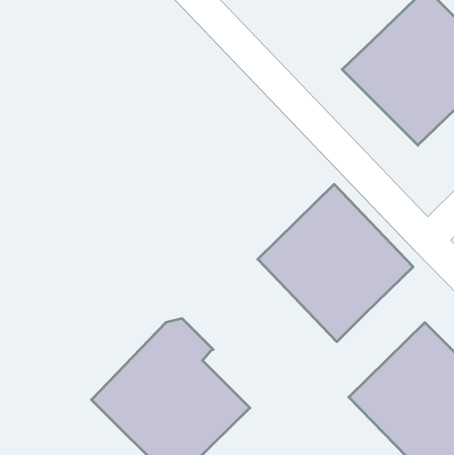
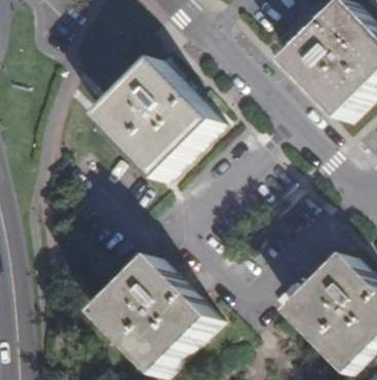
building: none -> [93,60,214,180]
building: [258,184,413,342] -> none

